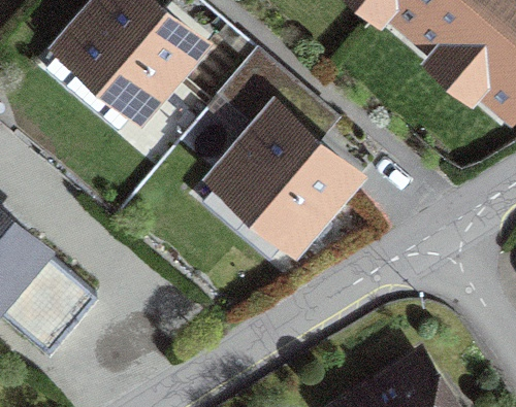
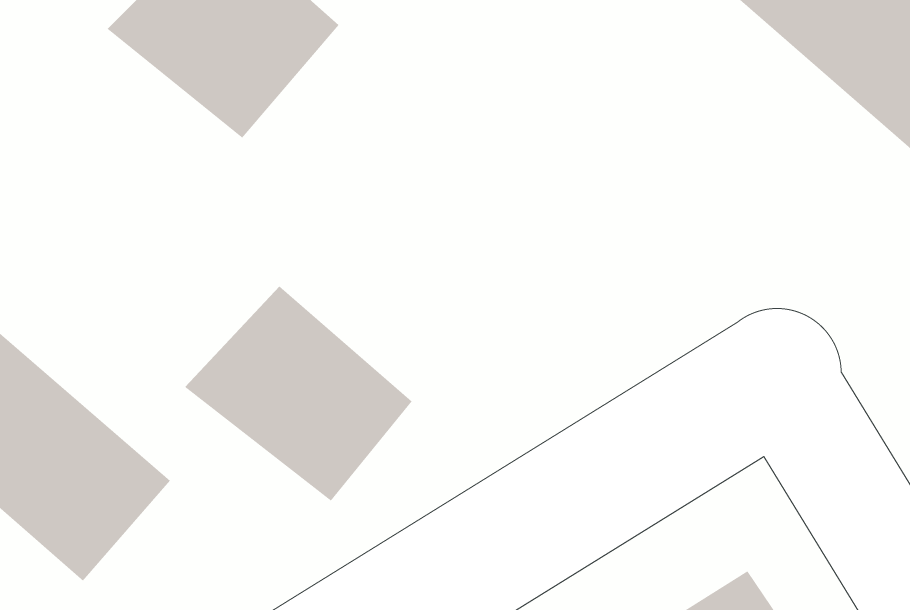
building: [217,108,354,243] -> none
building: none -> [184,286,413,502]

